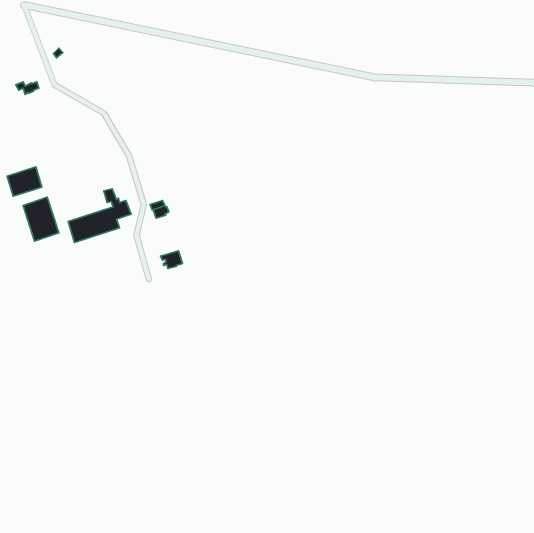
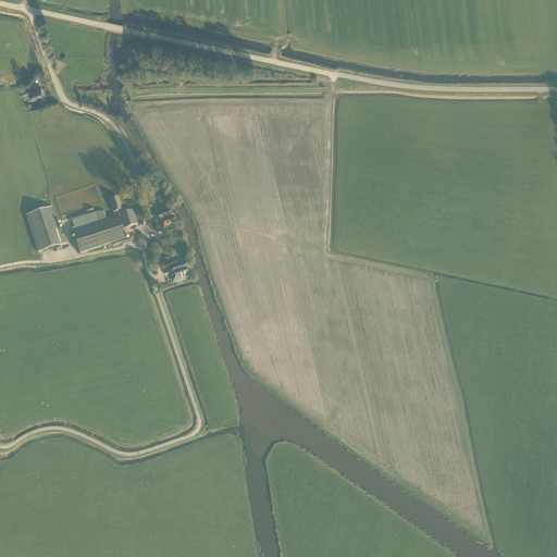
building: [7,167,42,196] -> none

